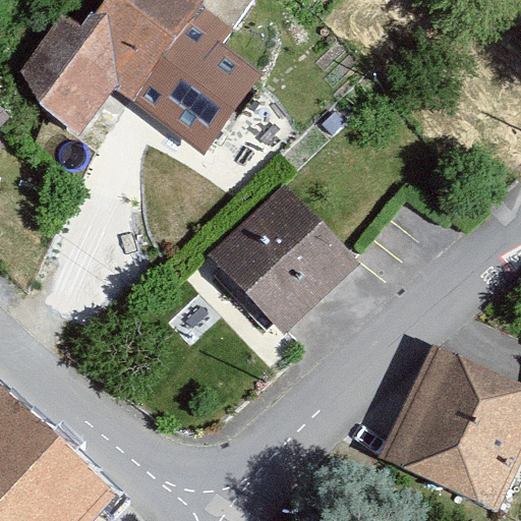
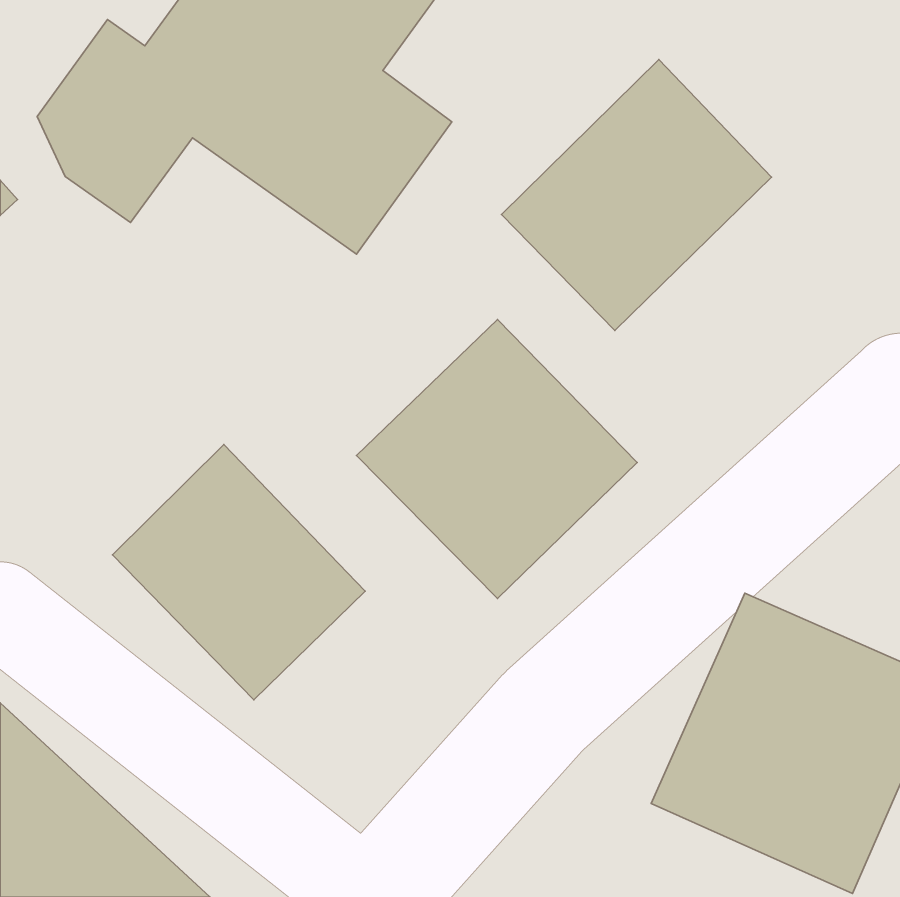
building: none -> [502,60,772,330]
building: none -> [113,445,365,700]

